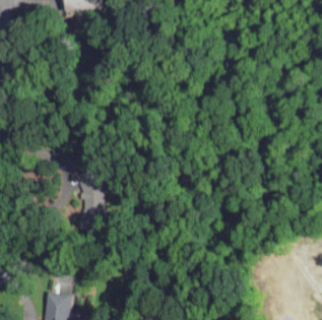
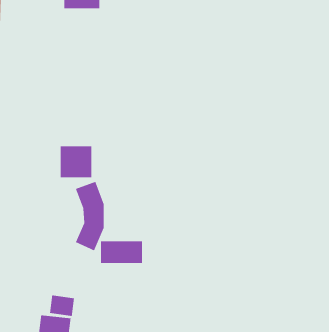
building: none -> [60,146,92,178]
building: none -> [100,240,143,264]

